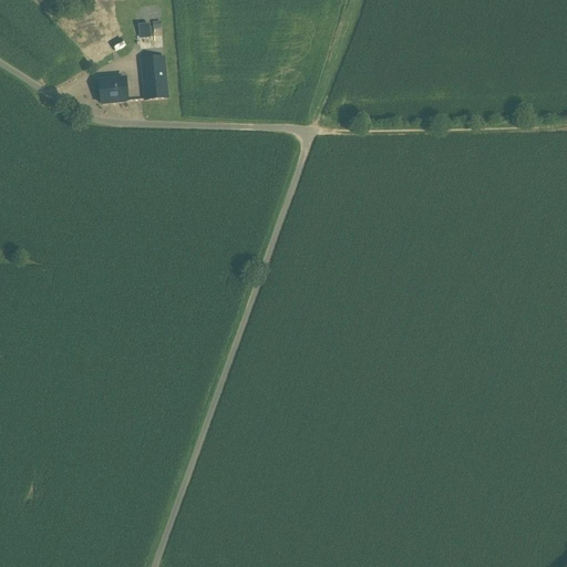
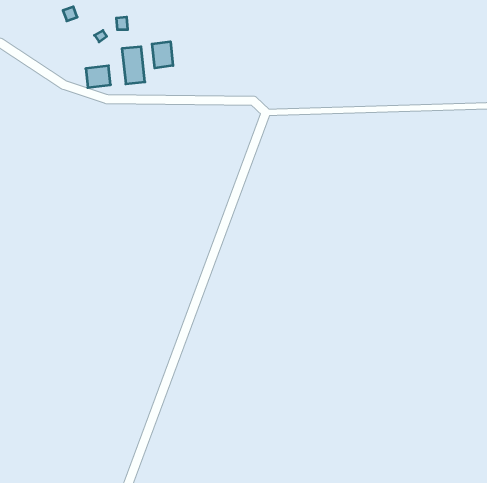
building: none -> [152,42,173,68]

